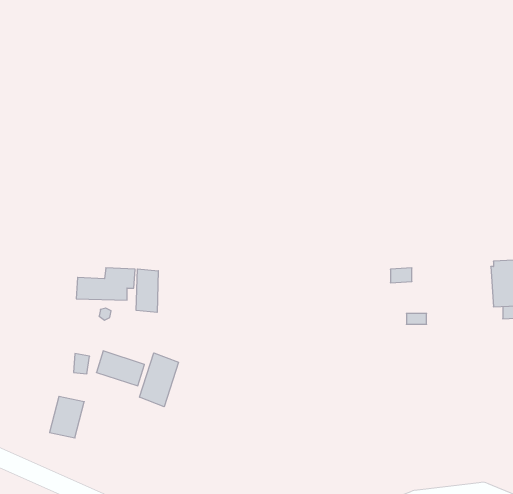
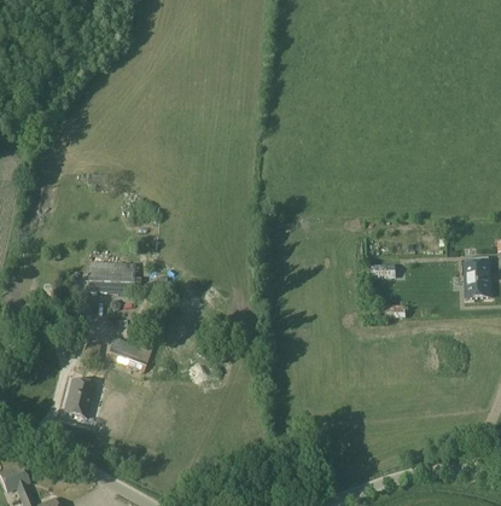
building: [136,269,158,312] -> none
building: [140,353,178,407] -> none

